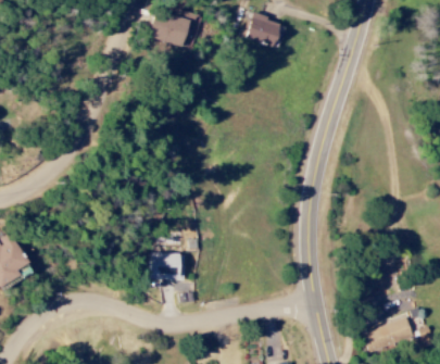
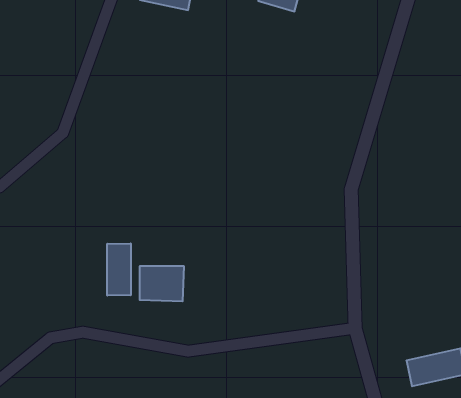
building: none -> [107,243,131,296]

